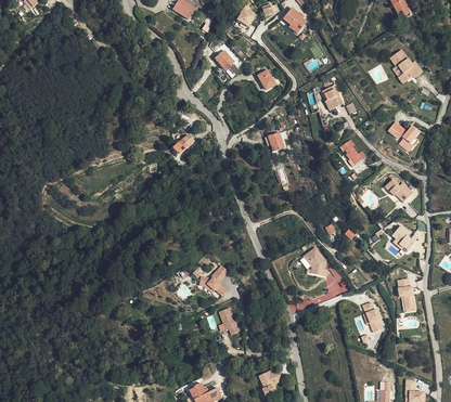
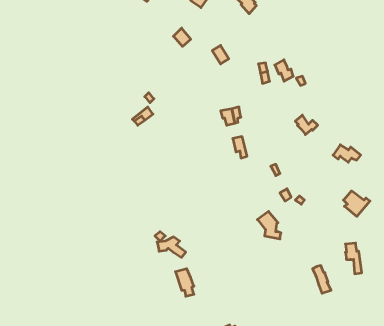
building: [390,51,421,86] -> none
building: [389,122,420,154] -> none

